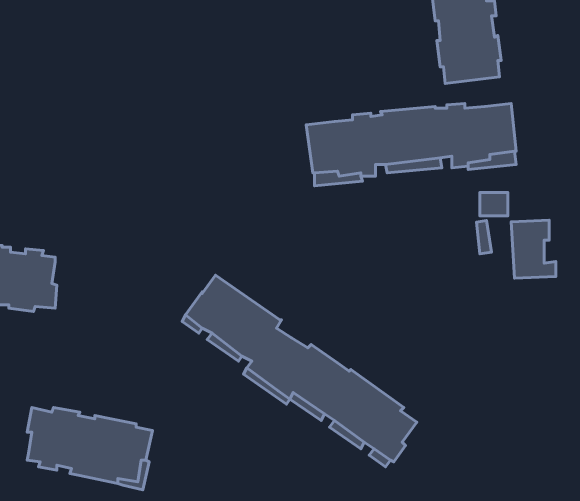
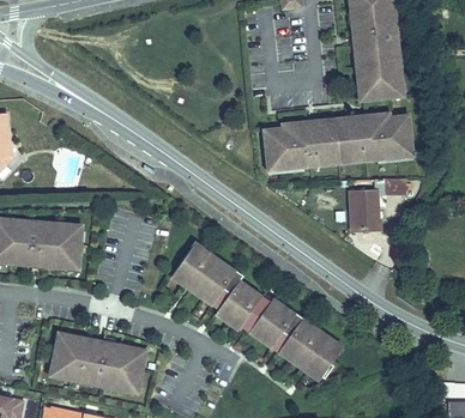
building: [511,220,556,278] -> [348,192,380,234]

